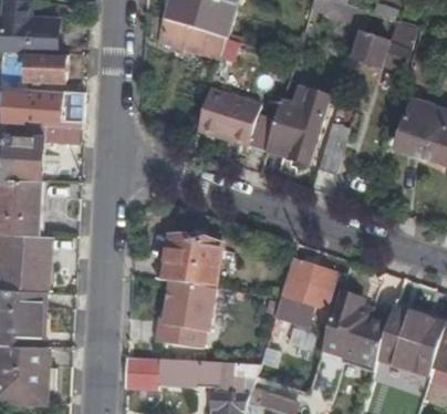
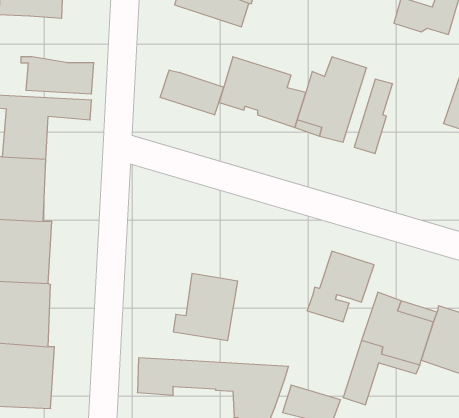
building: [25,51,67,79] -> none
building: none -> [160,70,224,115]
building: [163,235,220,288] -> none

